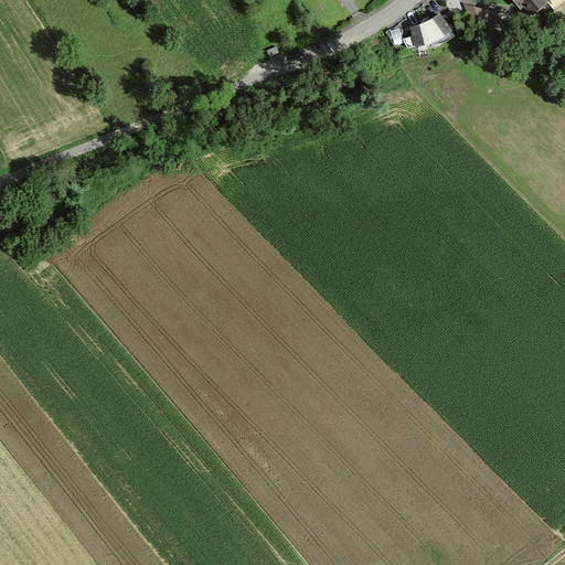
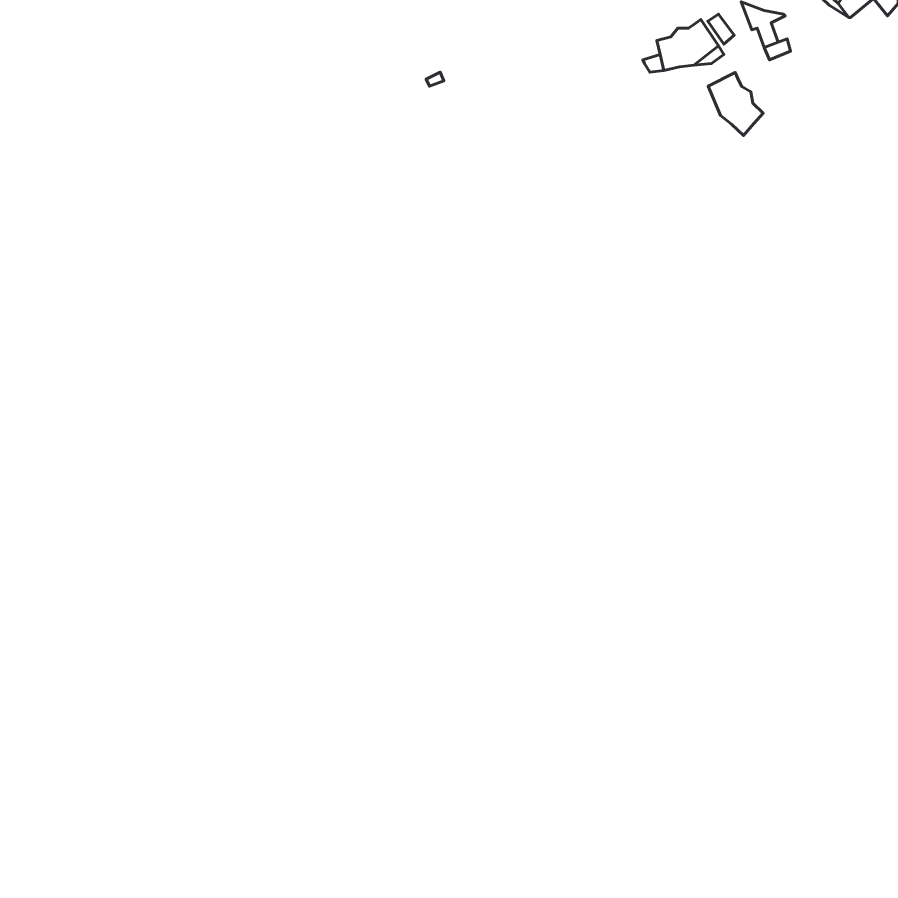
building: none -> [708,73,763,135]

